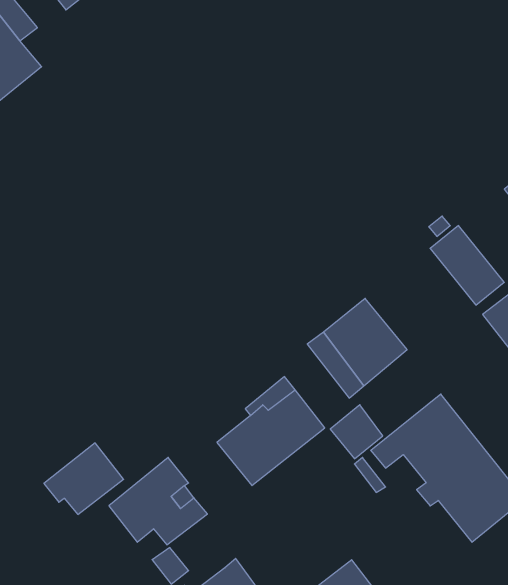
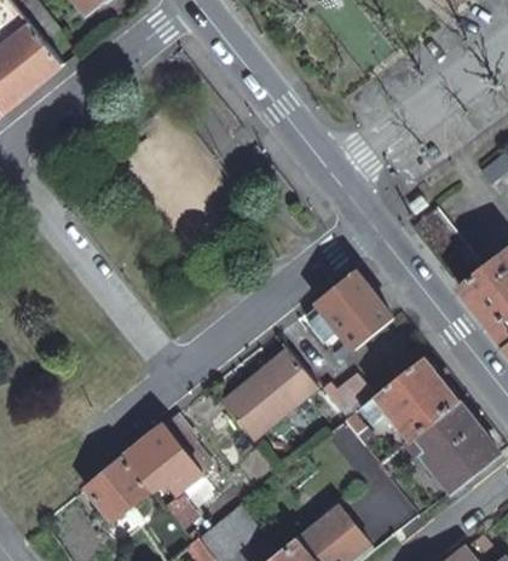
building: [44,443,124,514] -> [79,458,150,522]

